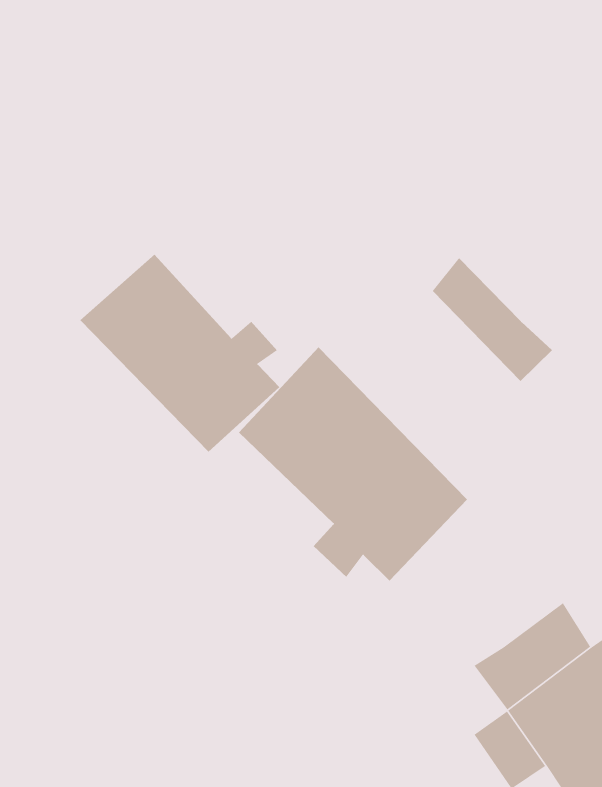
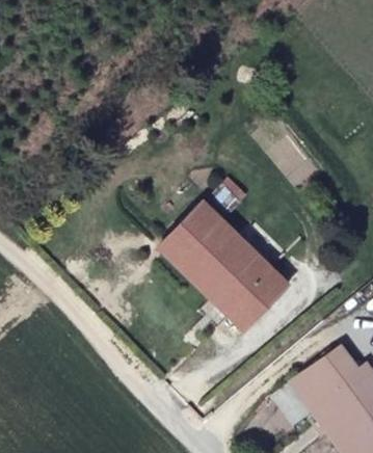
building: [79,254,280,452] -> none
building: [432,257,553,382] -> none

